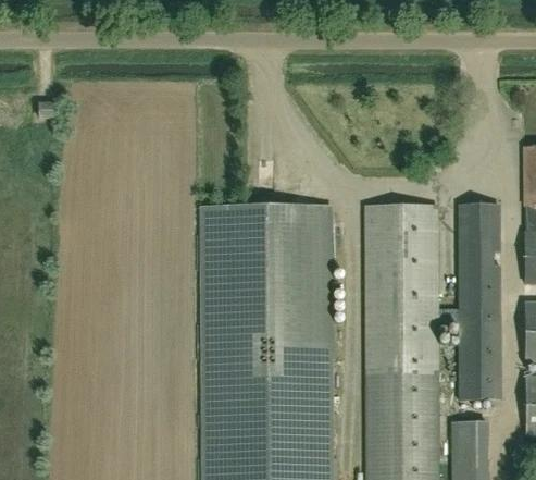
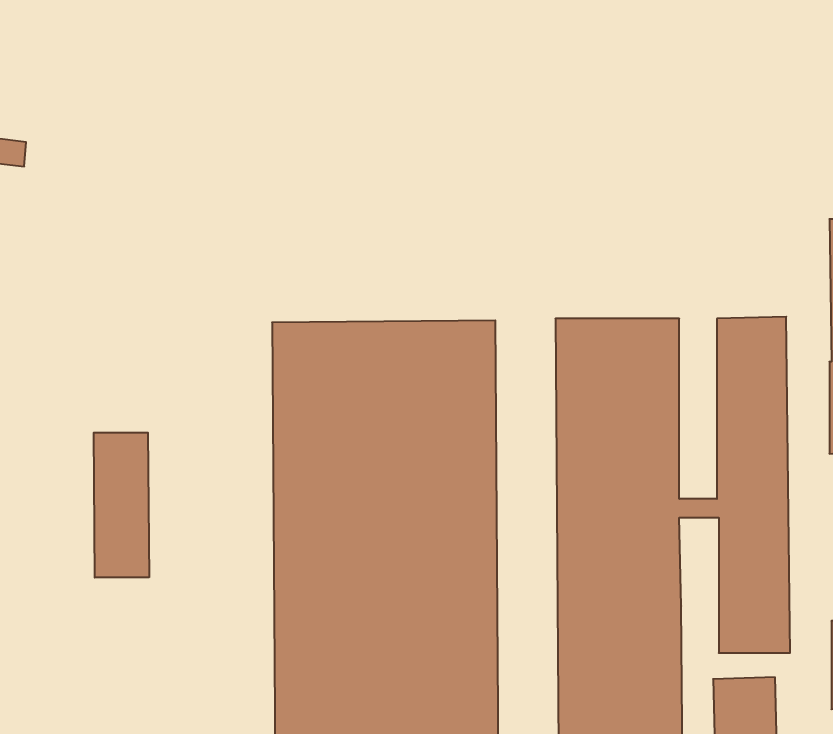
building: none -> [94,433,149,578]

